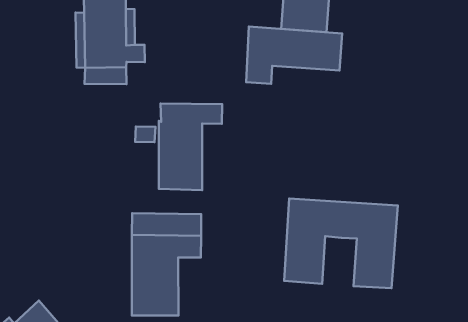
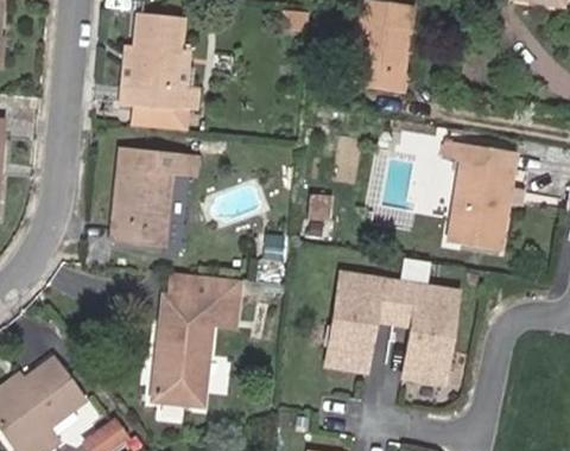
building: [246,27,342,84] -> none
building: none -> [444,141,515,249]
building: [159,104,222,190] -> [116,147,195,247]

